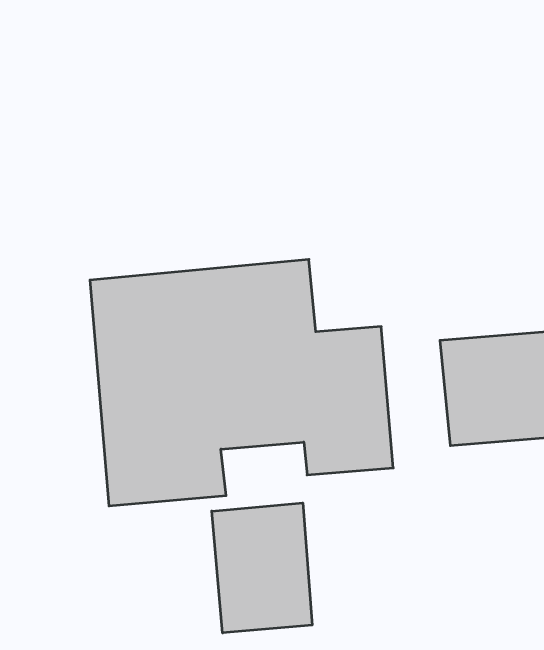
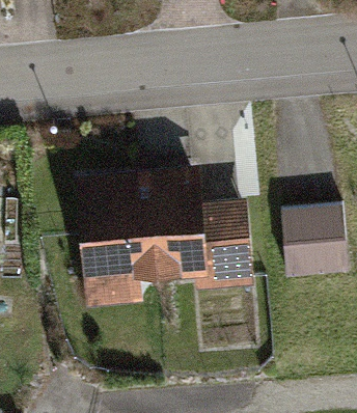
building: [212,503,312,633] -> none

